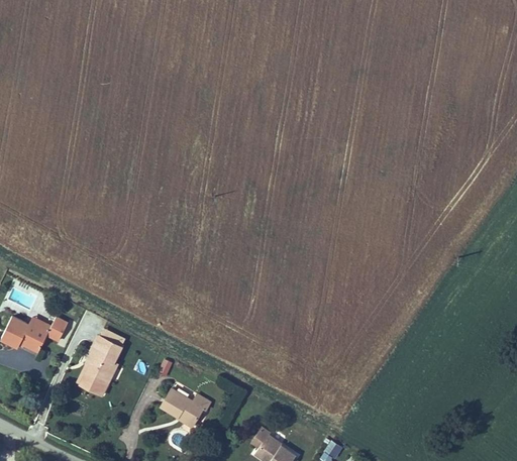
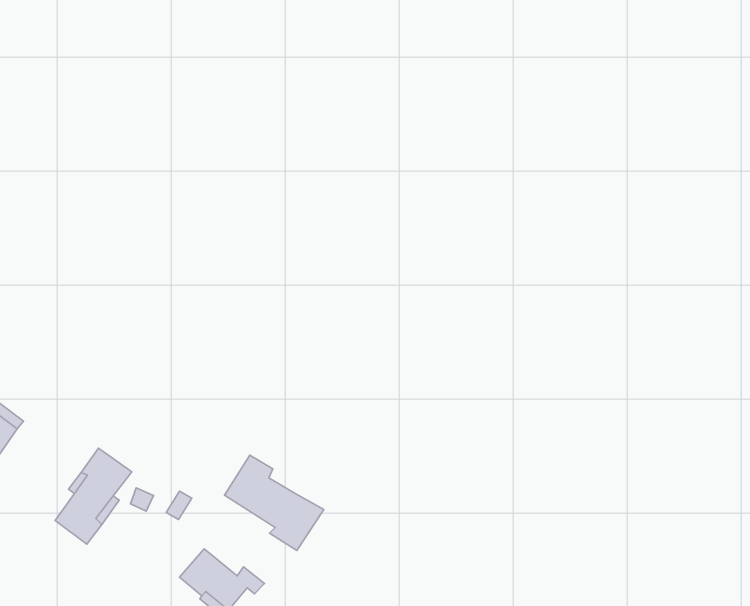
building: none -> [224,455,324,551]

